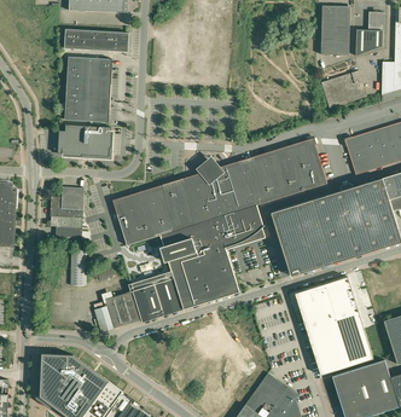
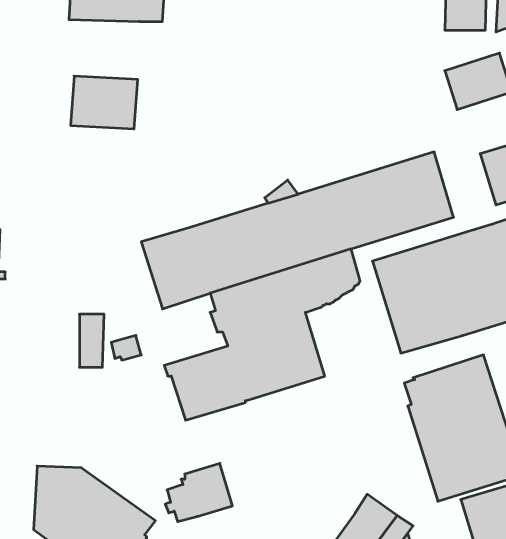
building: [66,57,111,88] -> none
building: [57,124,112,157] -> none
building: [46,187,83,239] -> none
building: [93,291,139,331] -> [165,463,232,522]

